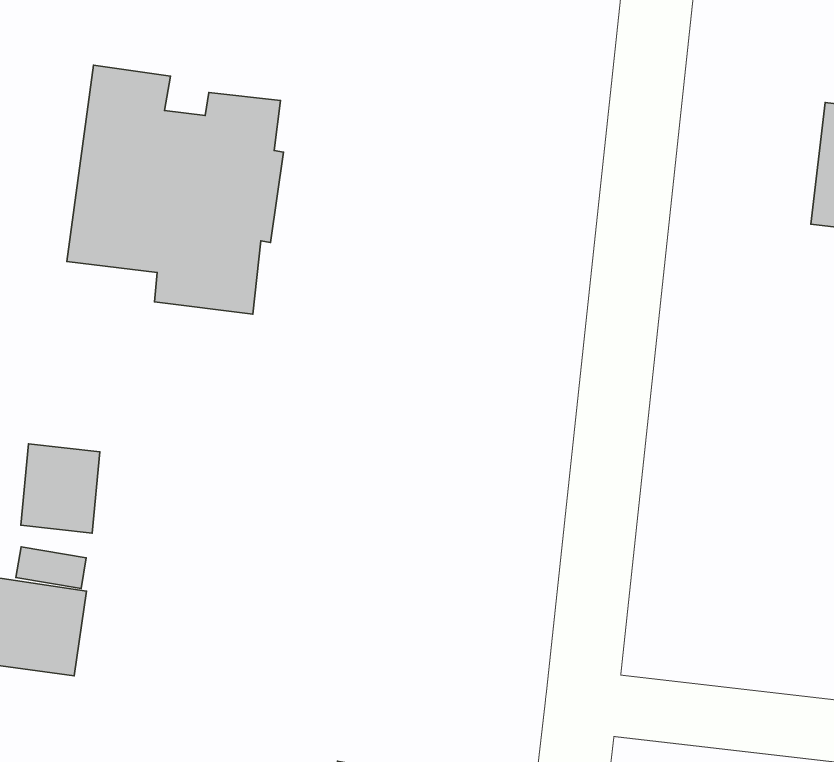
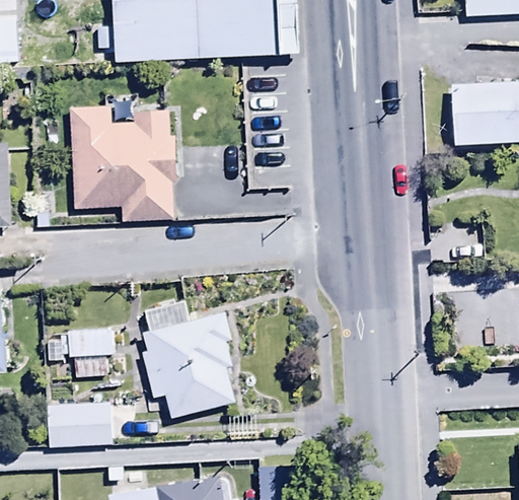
building: none -> [141,300,234,420]

